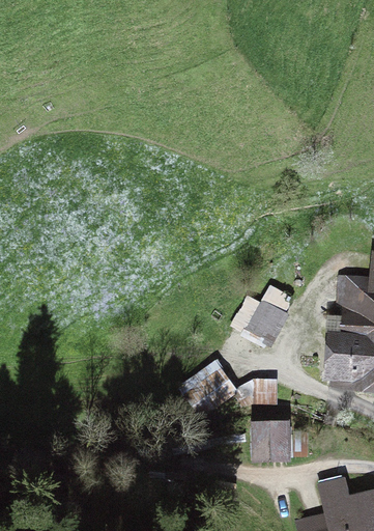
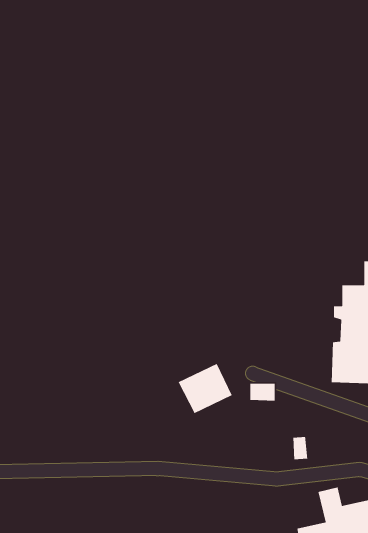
building: [237,287,295,341] -> none
building: [258,425,286,457] -> none

